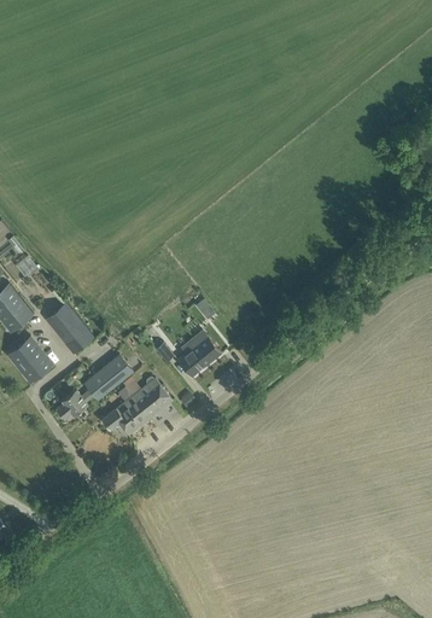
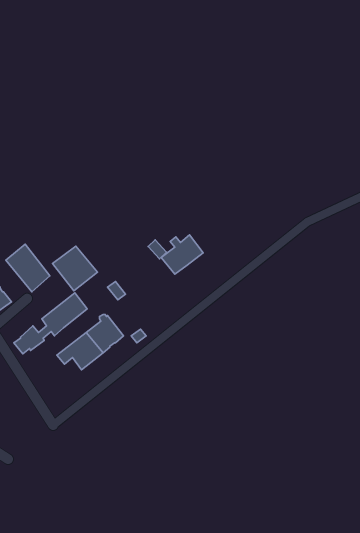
building: none -> [53,246,98,291]
building: [175,334,220,377] -> [161,235,203,274]

